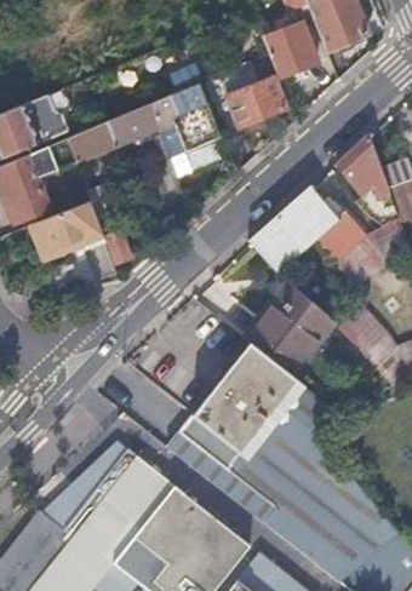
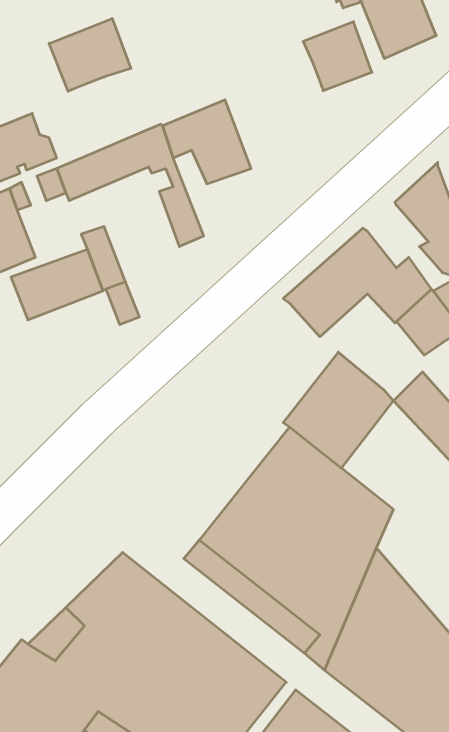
building: none -> [49,18,131,91]
building: [217,53,285,127] -> none

